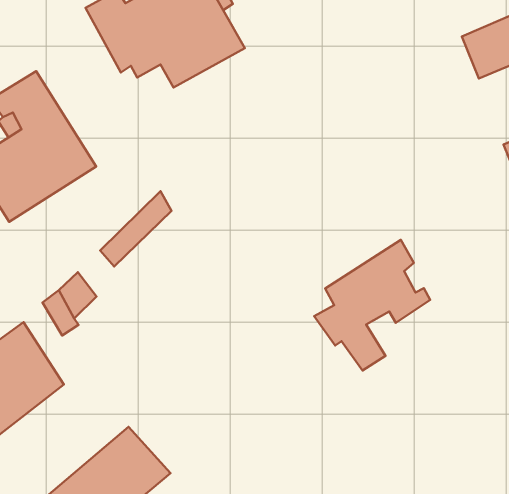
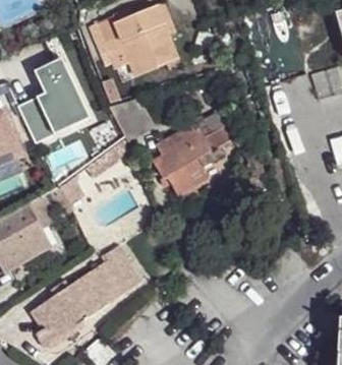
building: [314,240,430,371] -> [158,118,226,191]
building: none -> [92,248,144,299]

